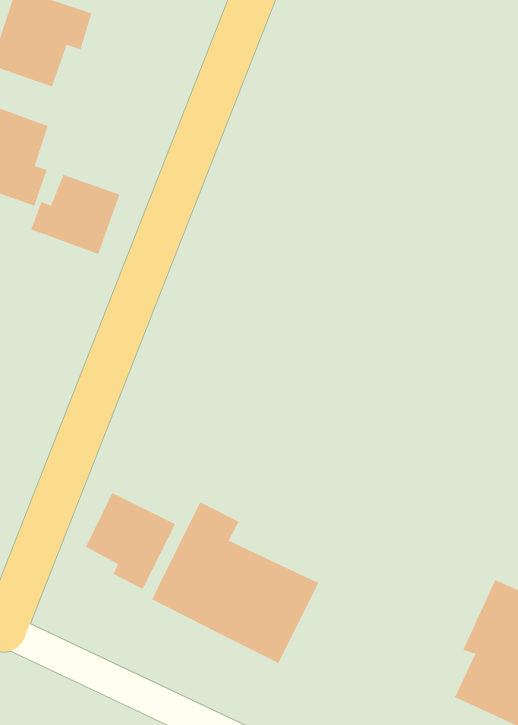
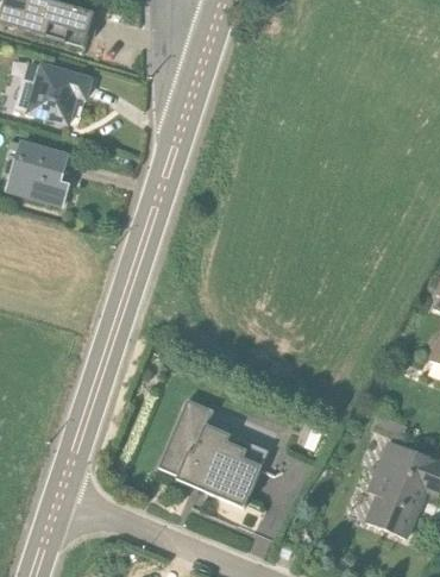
building: [30,174,120,255] -> none
building: [85,492,176,589] -> none

